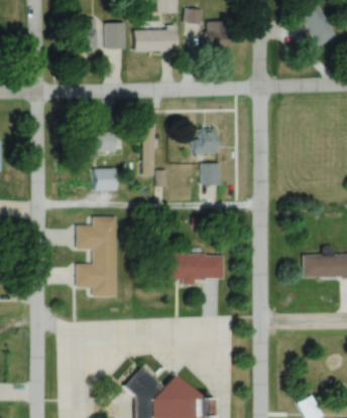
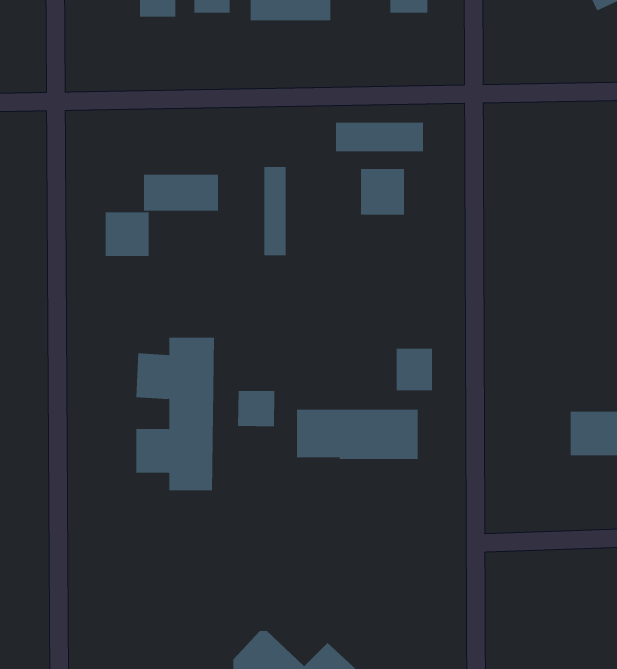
building: none -> [336,122,423,152]
building: [200,163,219,185] -> [396,348,433,391]
building: [94,168,117,191] -> [105,212,149,257]
building: none -> [238,390,275,427]

